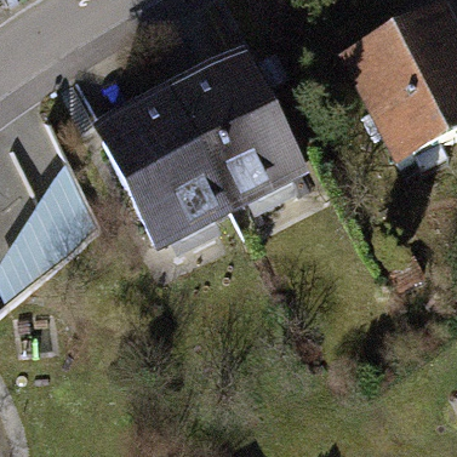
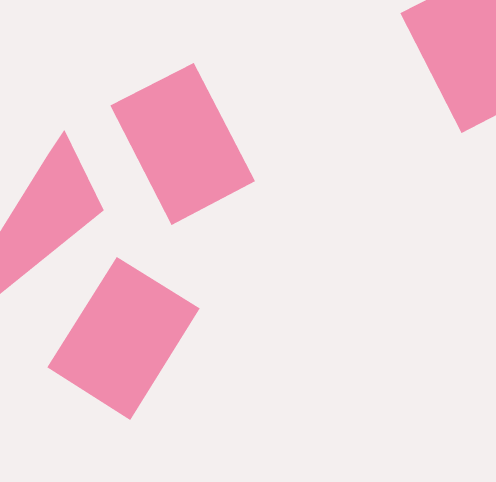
building: [177,61,301,198] -> none
building: none -> [46,256,201,421]

